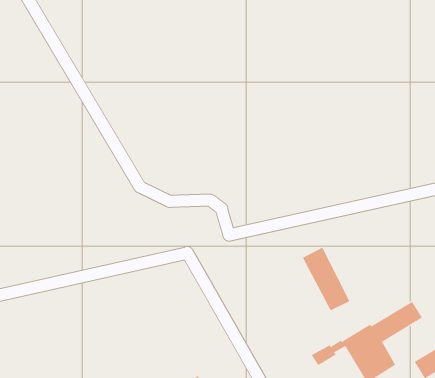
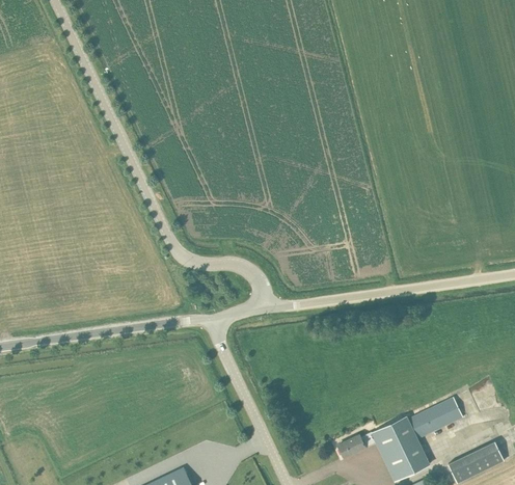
building: [302,247,350,311] -> none

